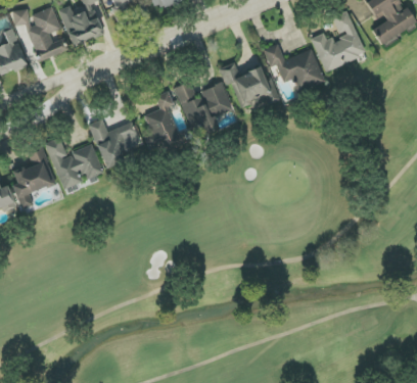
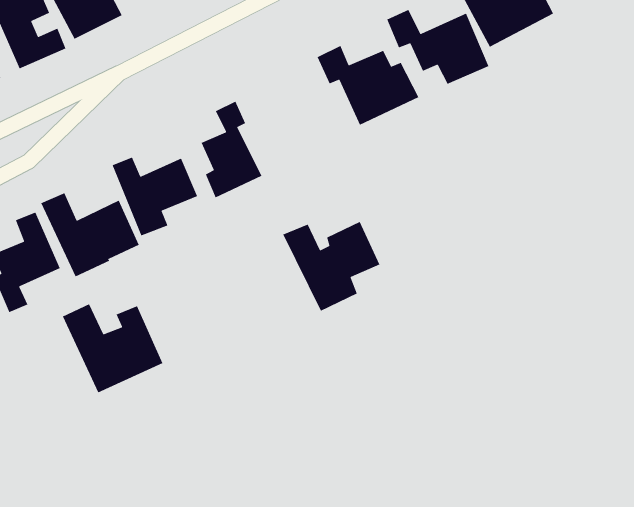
building: [175,81,233,135] -> [282,221,381,312]
building: none -> [62,303,164,394]

